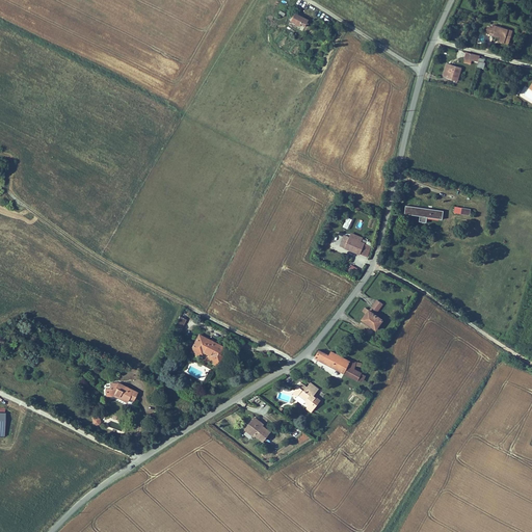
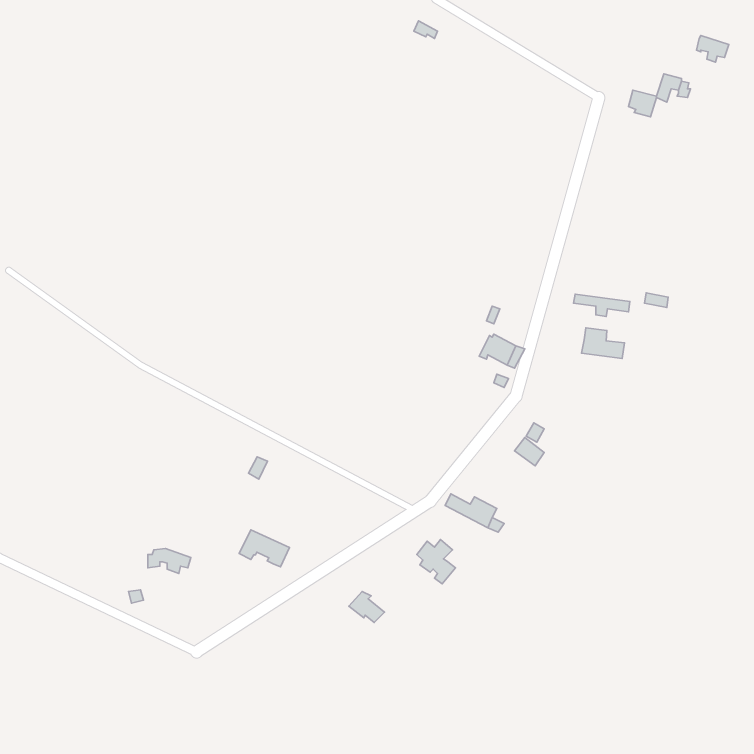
building: none -> [582,328,624,359]
building: [191,340,227,366] -> [239,530,289,567]

